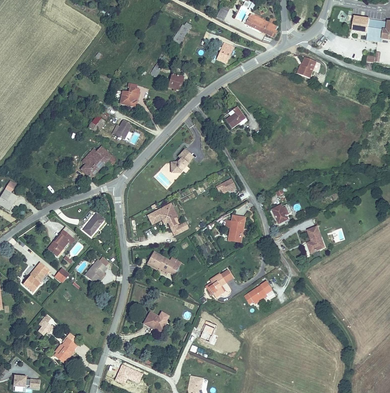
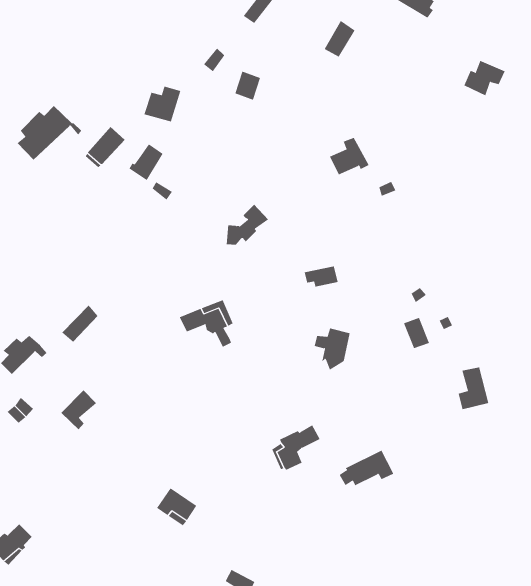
building: [81,144,117,176] -> [17,105,82,161]
building: [146,251,181,275] -> none

